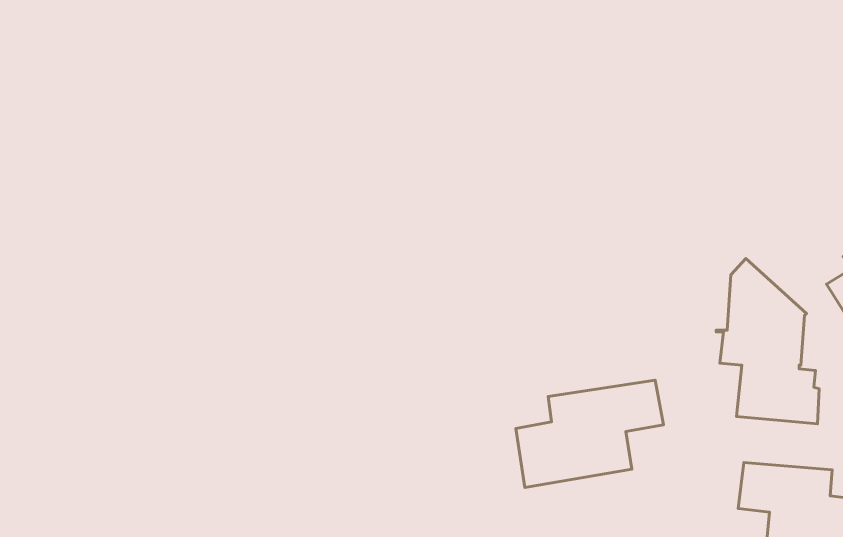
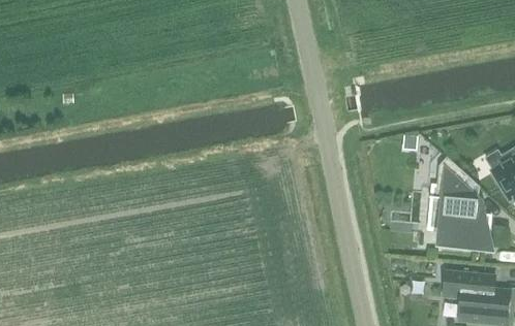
building: [516,380,664,487] -> none

